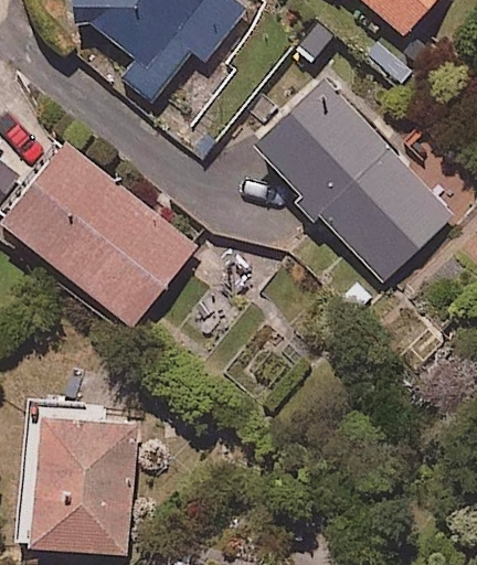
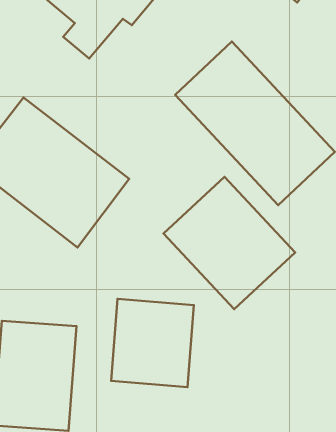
building: none -> [164,177,295,309]
building: none -> [111,299,194,387]

